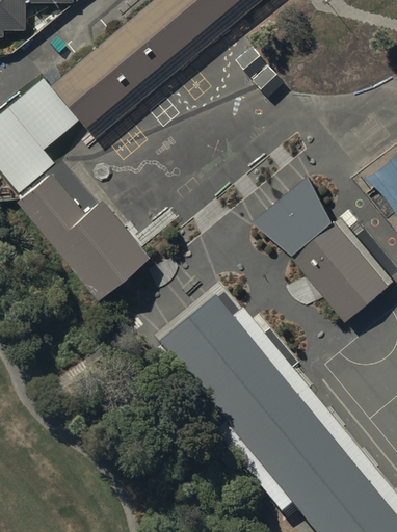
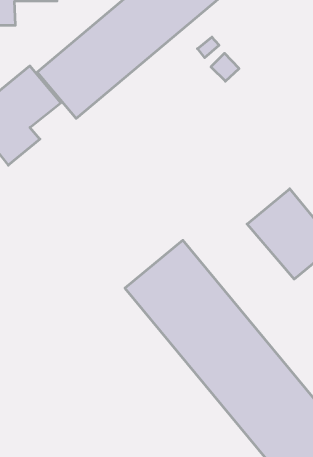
building: [15,174,150,302] -> none
building: [253,176,330,255] -> none

